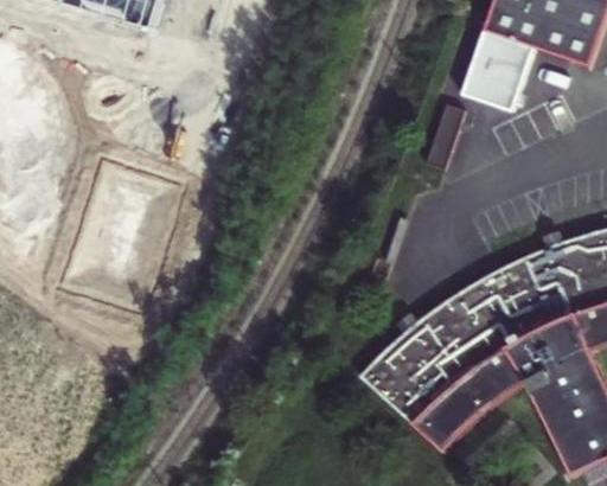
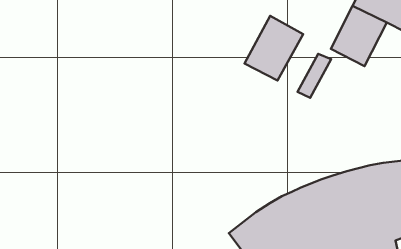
building: none -> [245,16,303,81]

